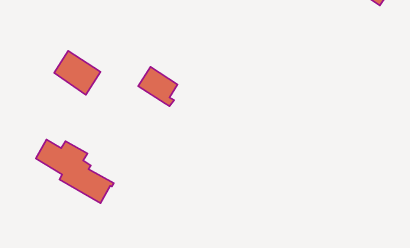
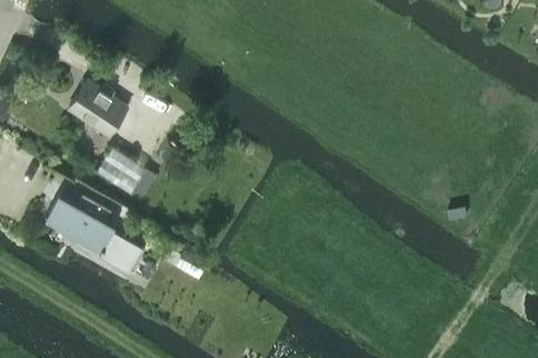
building: [138,67,178,106] -> [96,148,146,198]

